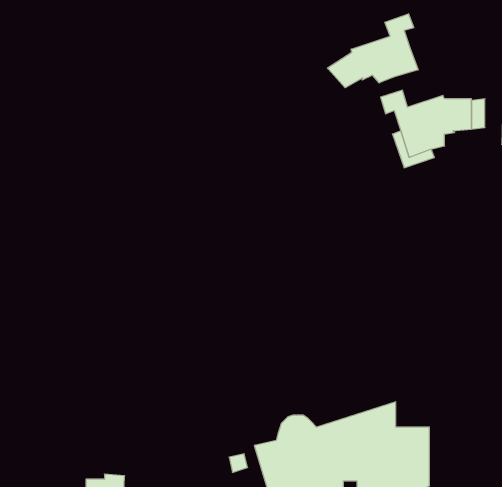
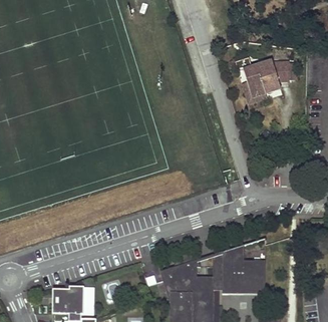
building: [327,14,418,88] -> none

